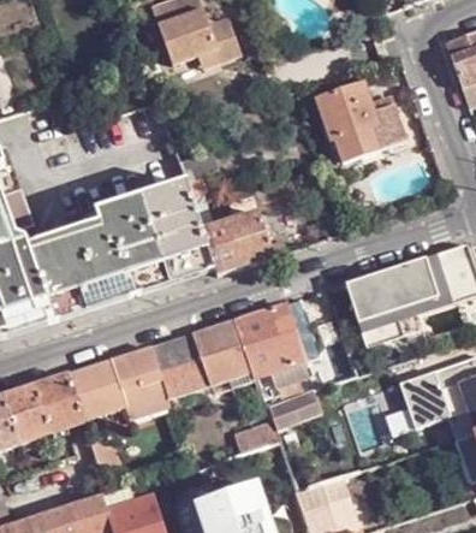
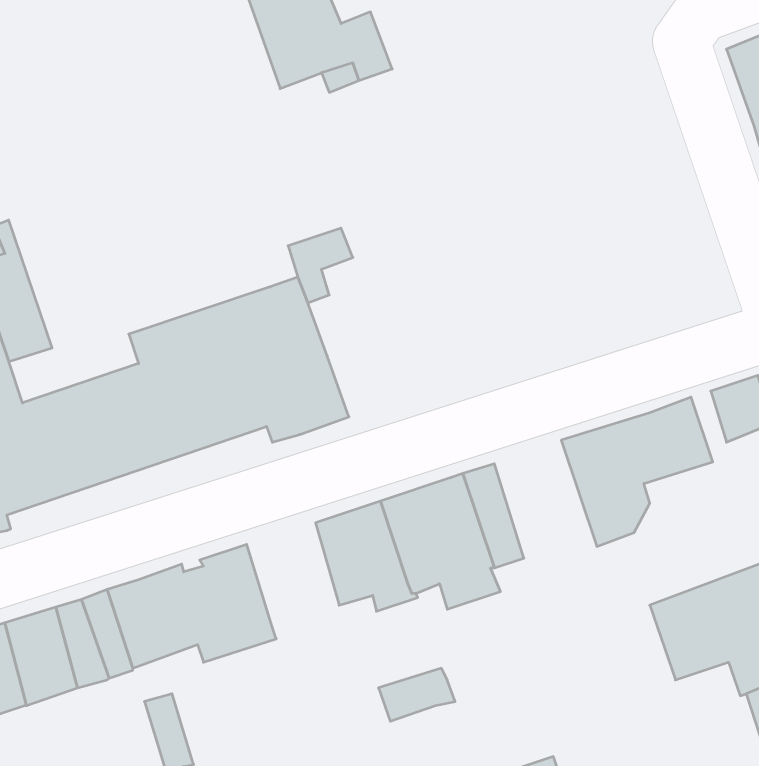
building: [316,81,406,161] -> none
building: [202,211,274,276] -> none
building: [389,251,451,338] -> none
building: [153,332,209,396] -> none
building: [267,390,321,428] -> none

